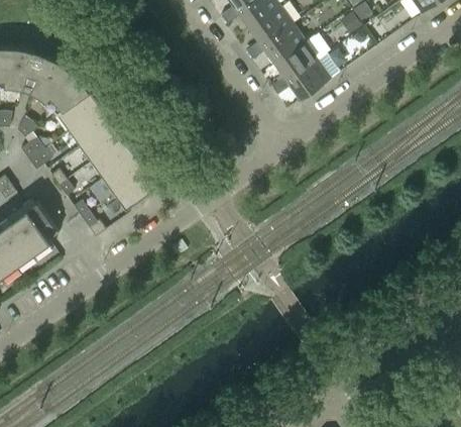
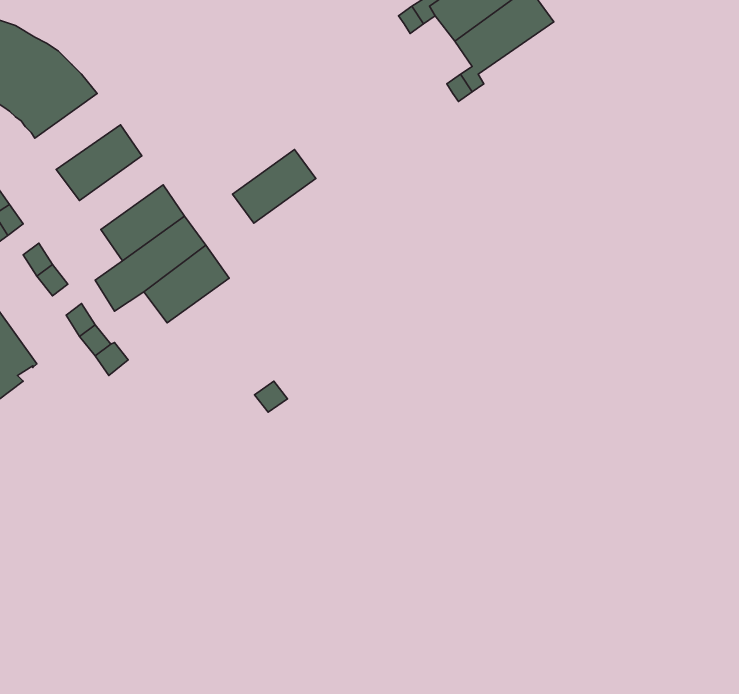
building: [287,52,340,99] -> none
building: [57,90,102,129] -> none
building: [81,122,124,161] -> [232,149,316,223]

